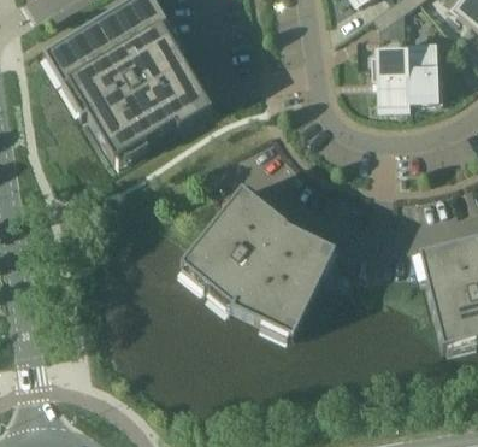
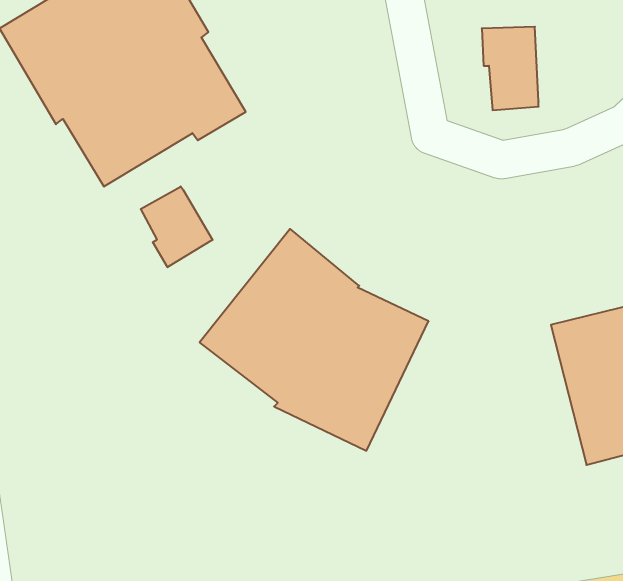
building: [408,46,443,101] -> none
building: none -> [141,186,213,267]

